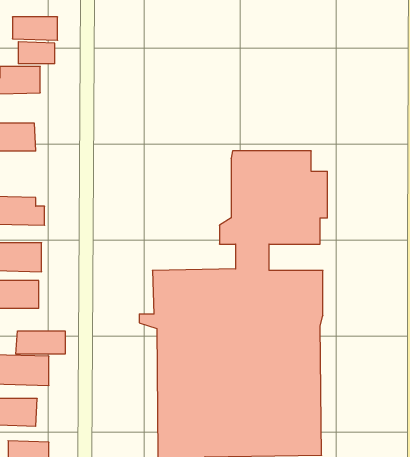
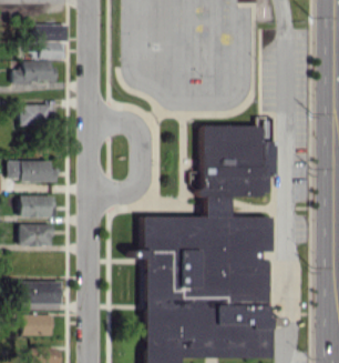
building: [16,331,65,354] -> none

